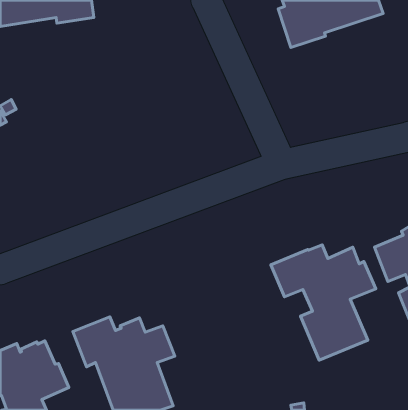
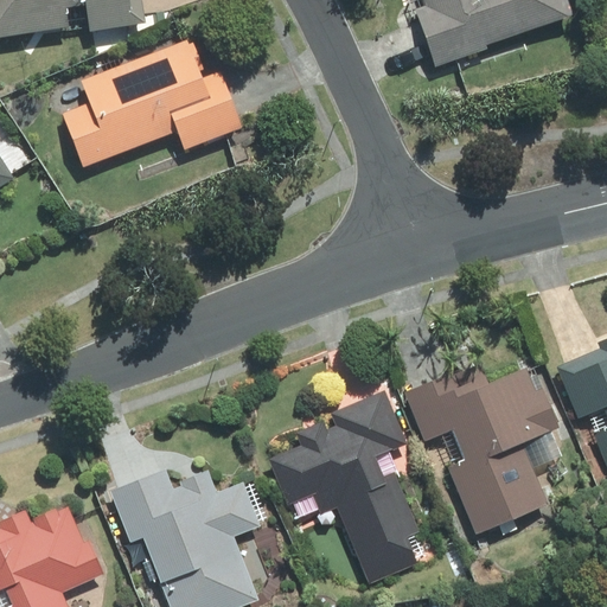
building: none -> [60,41,239,171]
building: none -> [268,389,420,583]

